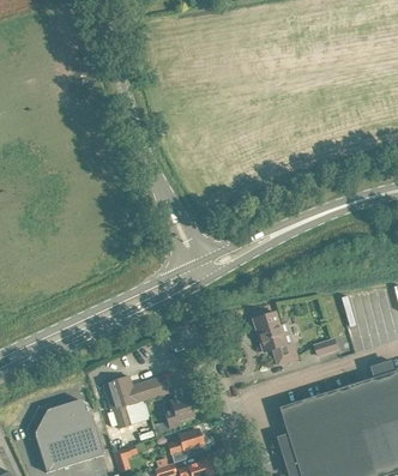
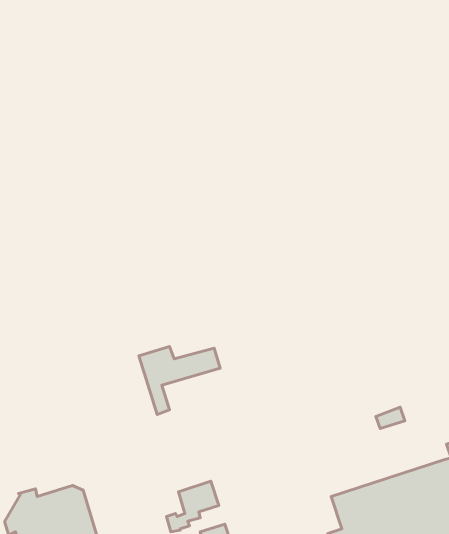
building: [253,312,297,364] -> none
building: [104,375,168,428] -> [139,347,220,414]

